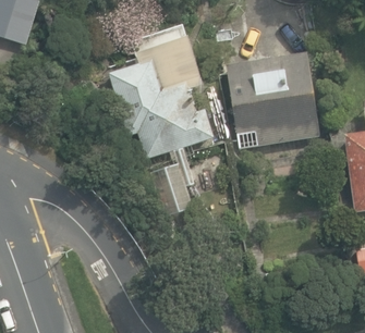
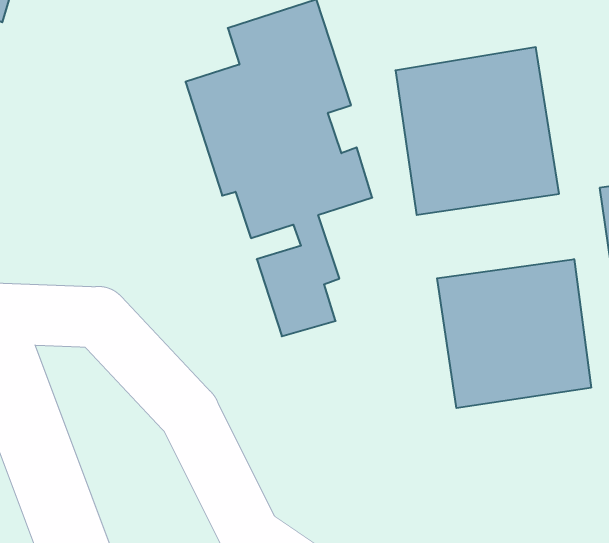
building: none -> [437,259,591,408]

